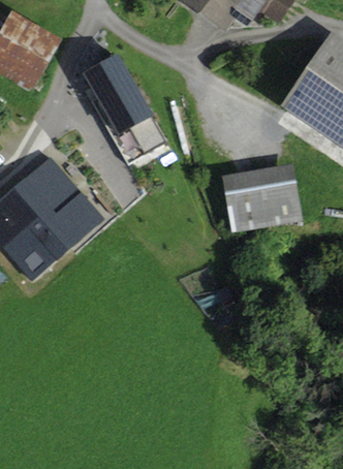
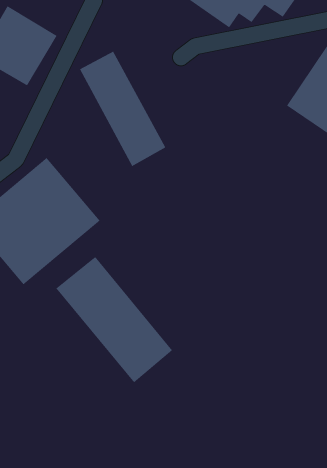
building: [222,163,301,229] -> none
building: none -> [55,256,173,383]

